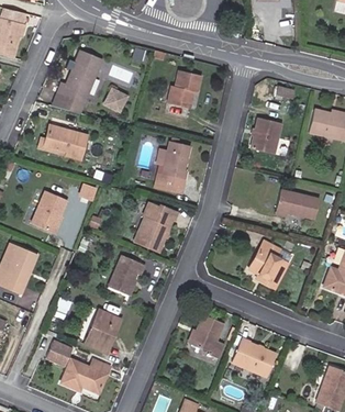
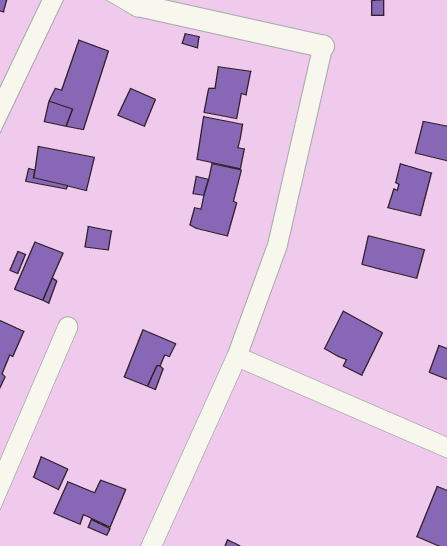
building: none -> [197,116,244,169]
building: [251,116,281,153] -> [388,164,432,215]
building: [134,201,177,254] -> none
building: [84,310,121,353] -> none
building: [190,315,223,359] -> none
building: [231,341,275,376] -> none

